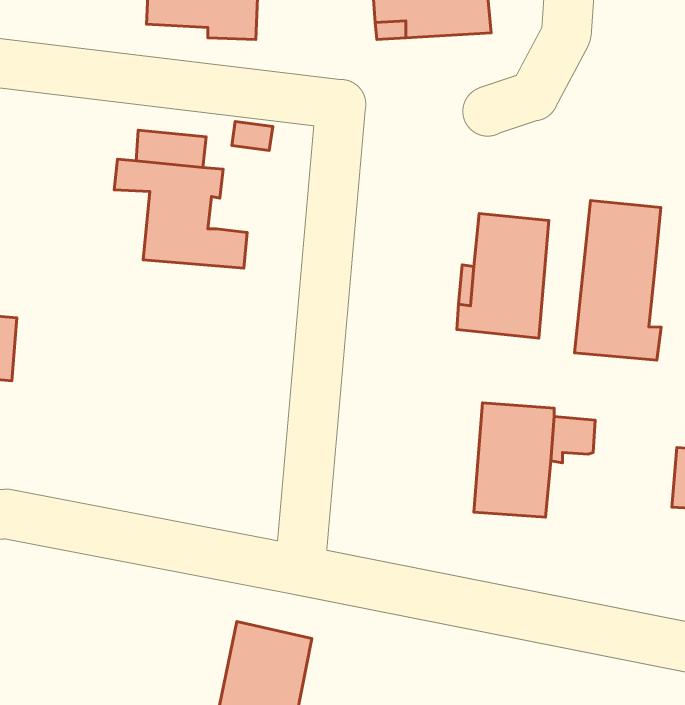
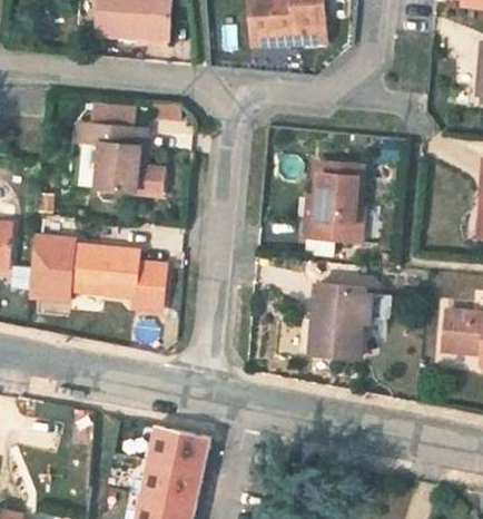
building: [574,201,661,360] -> none
building: none -> [32,238,168,310]

